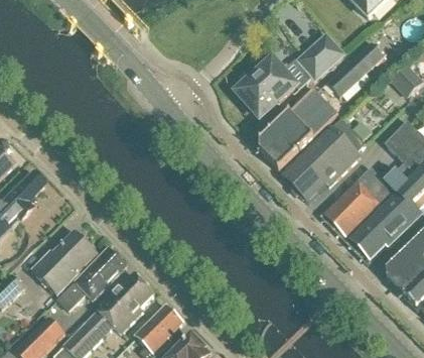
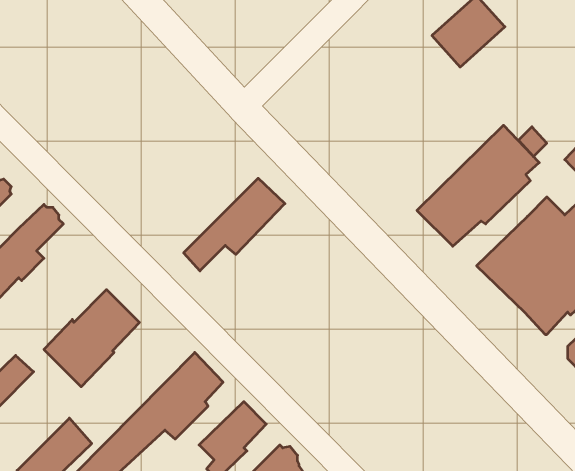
building: [329,40,386,95] -> none
building: [238,58,297,112] -> none
building: [263,89,340,170] -> none
building: [58,246,127,309] -> [184,178,285,271]

